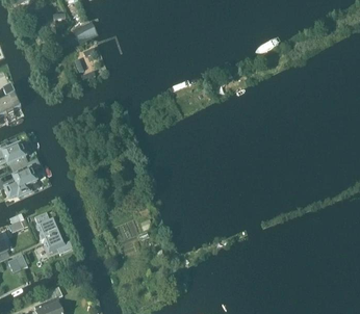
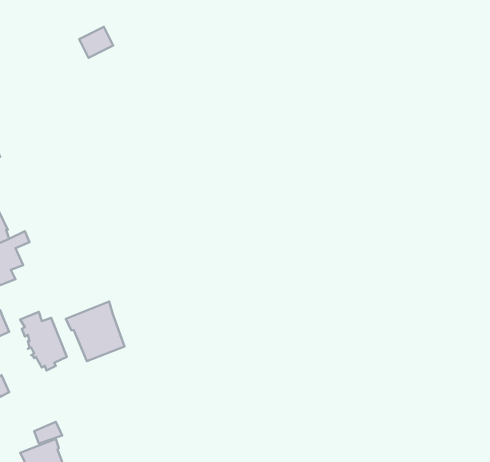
building: none -> [66,301,125,361]

